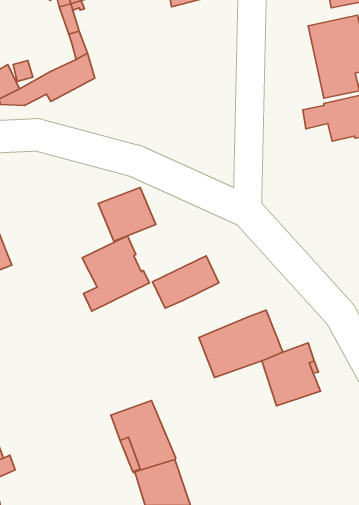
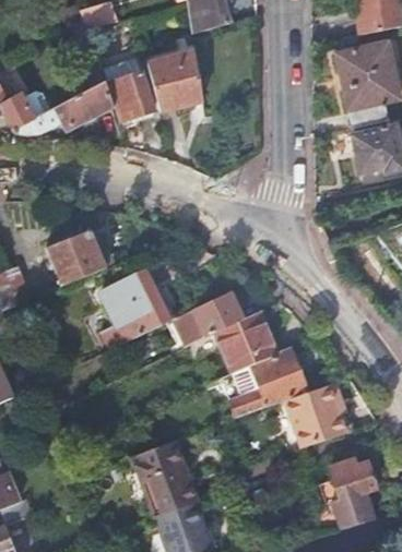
building: none -> [147,49,203,110]
building: none -> [104,53,154,119]
building: [98,188,156,241] -> [47,229,107,285]
building: none -> [204,311,274,376]
building: none -> [321,459,377,527]

